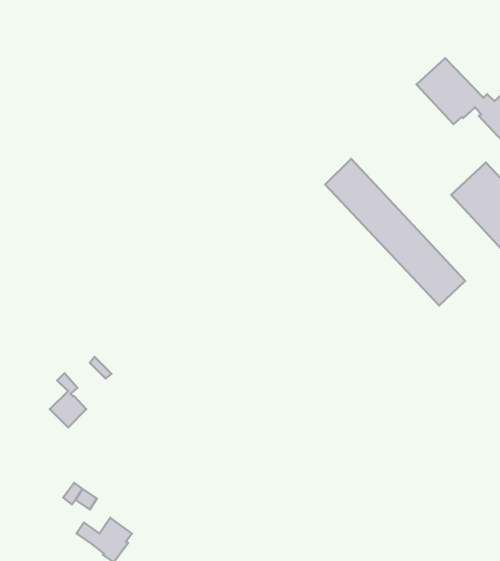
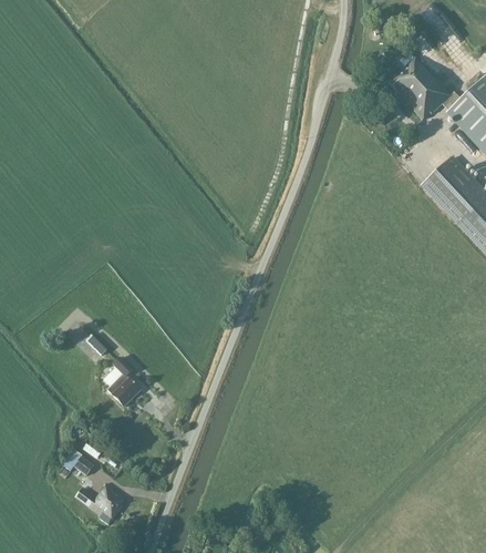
building: [325,159,465,305] -> none
building: [50,373,86,427] -> [107,356,141,406]

